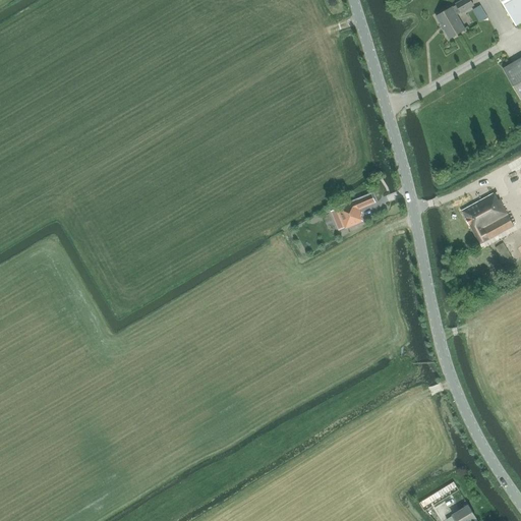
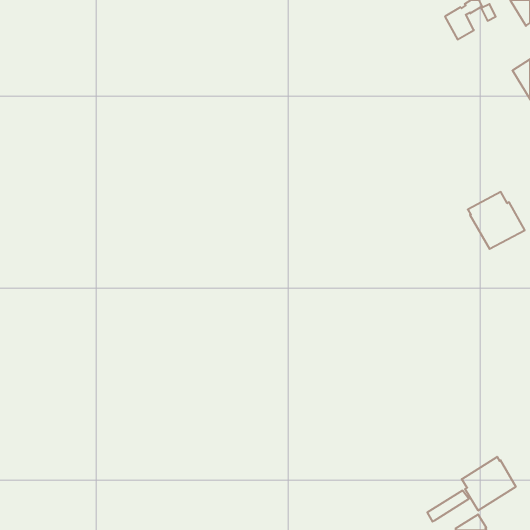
building: [337,193,377,229] -> none
building: none -> [462,457,516,511]

